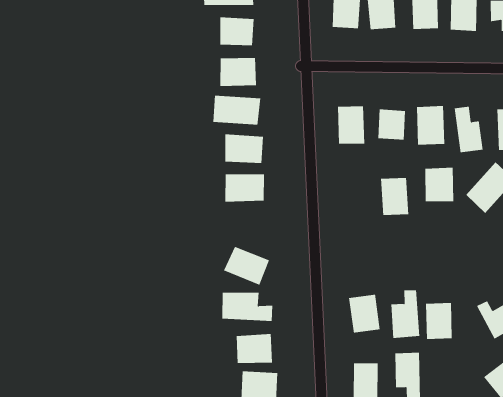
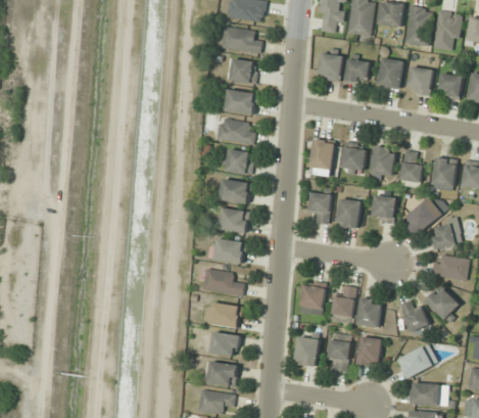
building: none -> [308,191,332,224]
building: none -> [219,207,249,233]
building: none -> [357,337,382,367]

